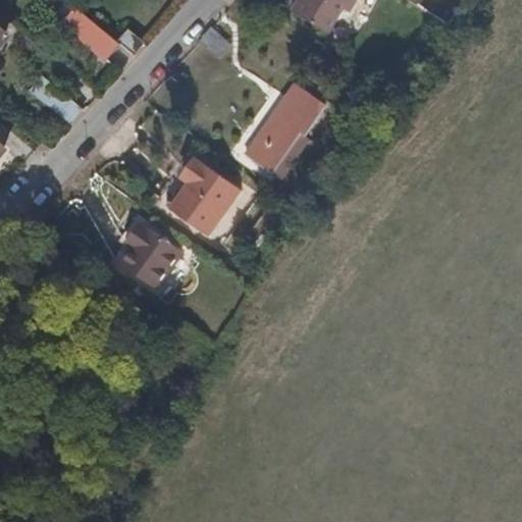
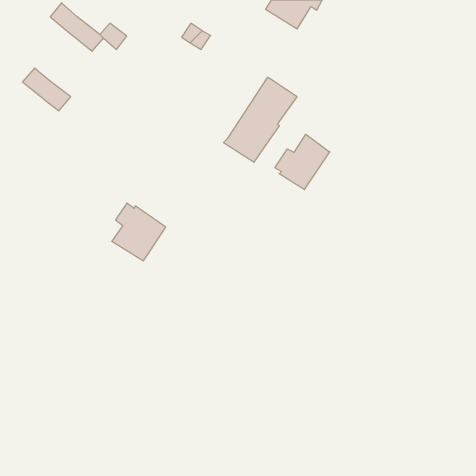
building: none -> [275,134,330,190]
building: [157,153,239,232] -> none

